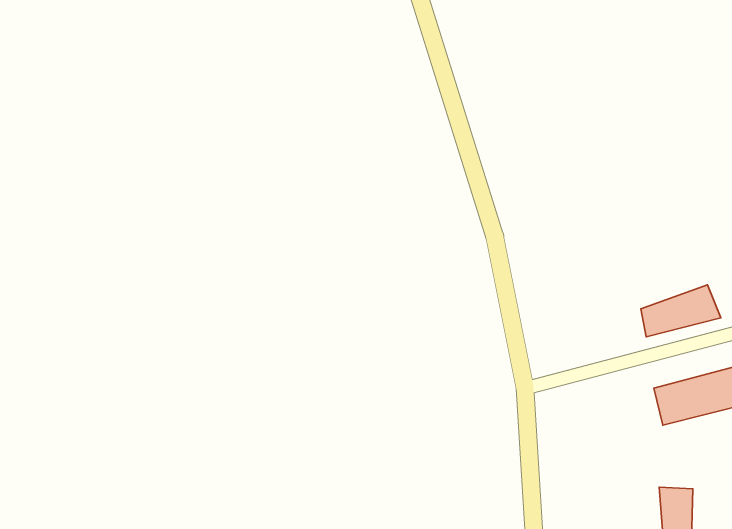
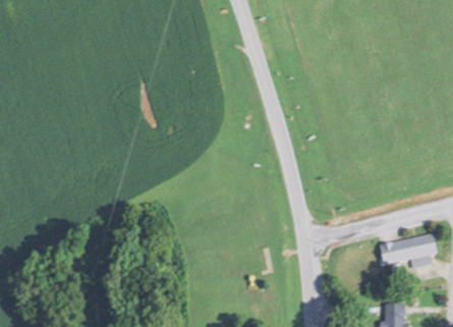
building: [641,285,721,337] -> none

